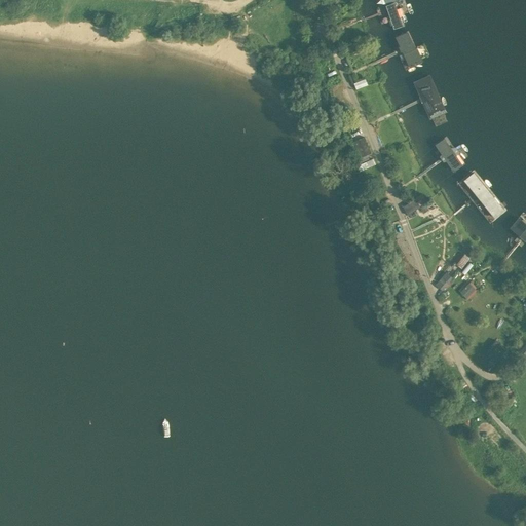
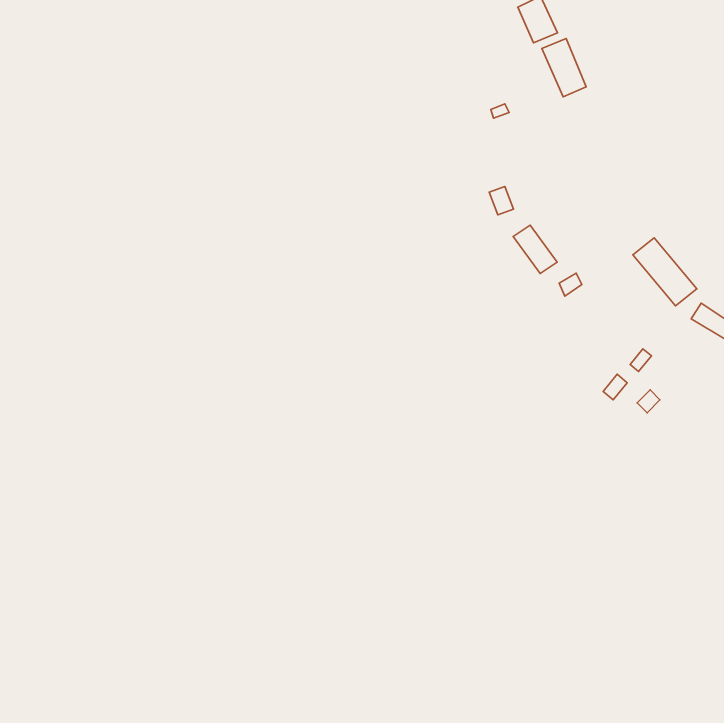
building: [412,73,446,119] -> none
building: [434,136,465,171] -> [513,225,557,273]

